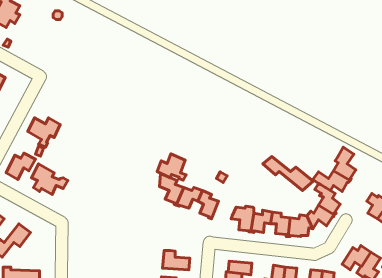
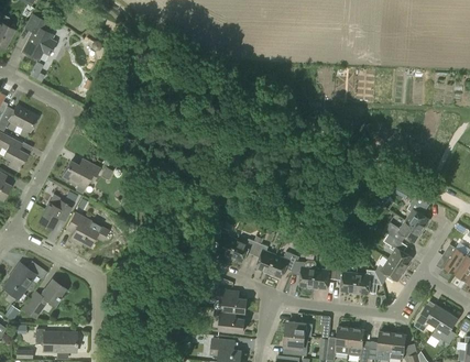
building: [157,154,186,180] -> none
building: [263,156,313,191] -> none
building: none -> [269,251,297,278]
building: none -> [214,289,247,311]

